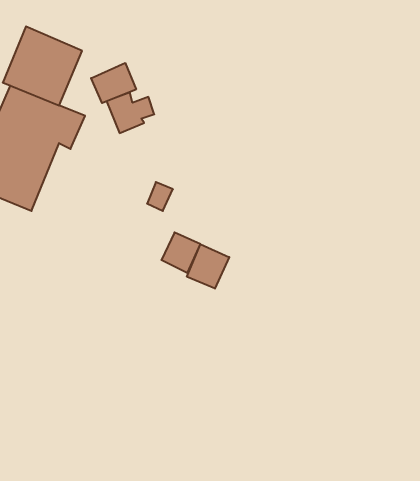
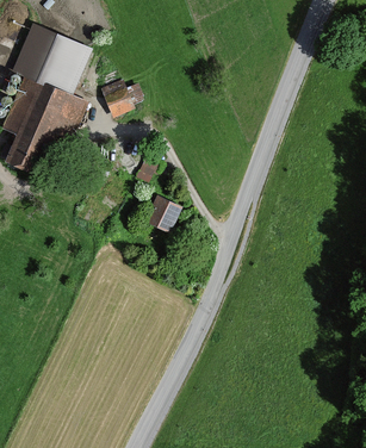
building: [91,63,136,103] -> none
building: [187,244,229,289] -> none

